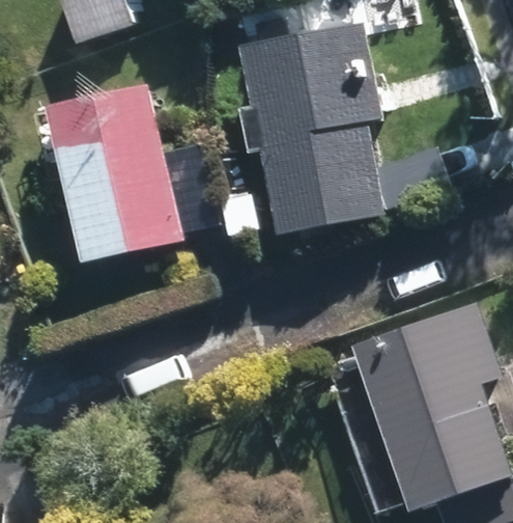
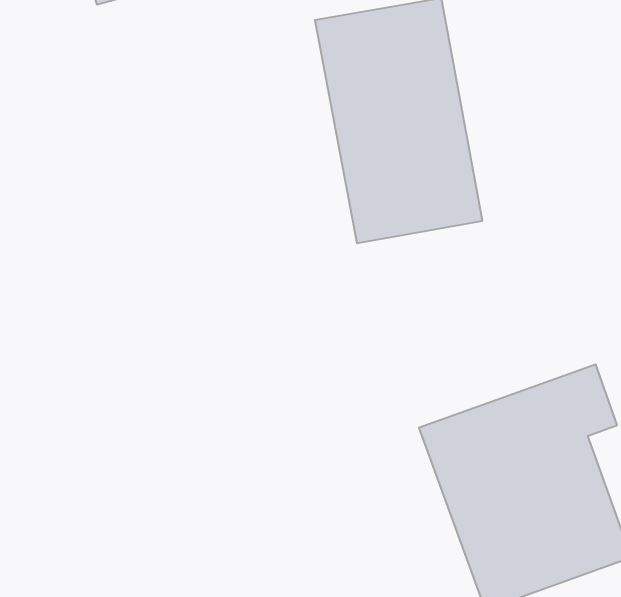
building: [60,95,180,256] -> none

